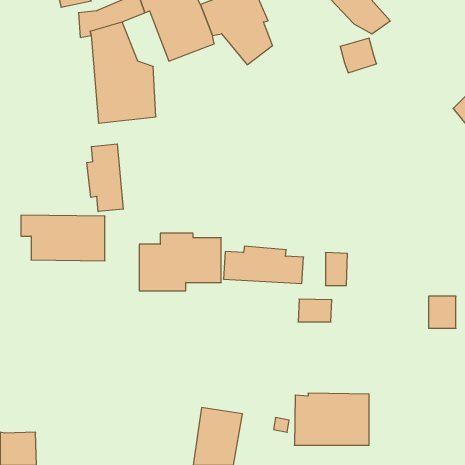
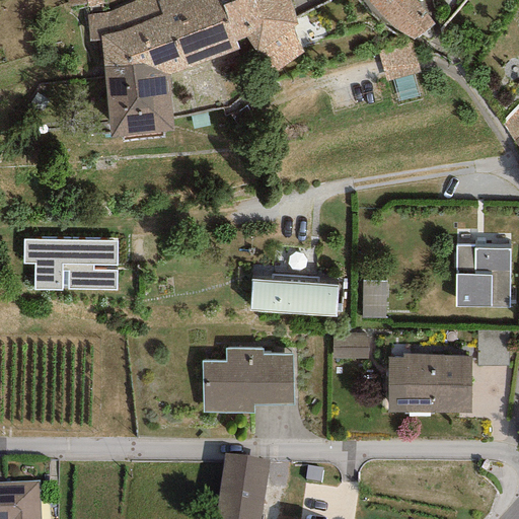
building: none -> [137,12,189,74]
building: [87,144,123,212] -> none
building: none -> [456,244,511,307]
building: [139,233,221,291] -> [203,349,294,413]
building: [294,393,369,445] -> [388,354,471,412]

